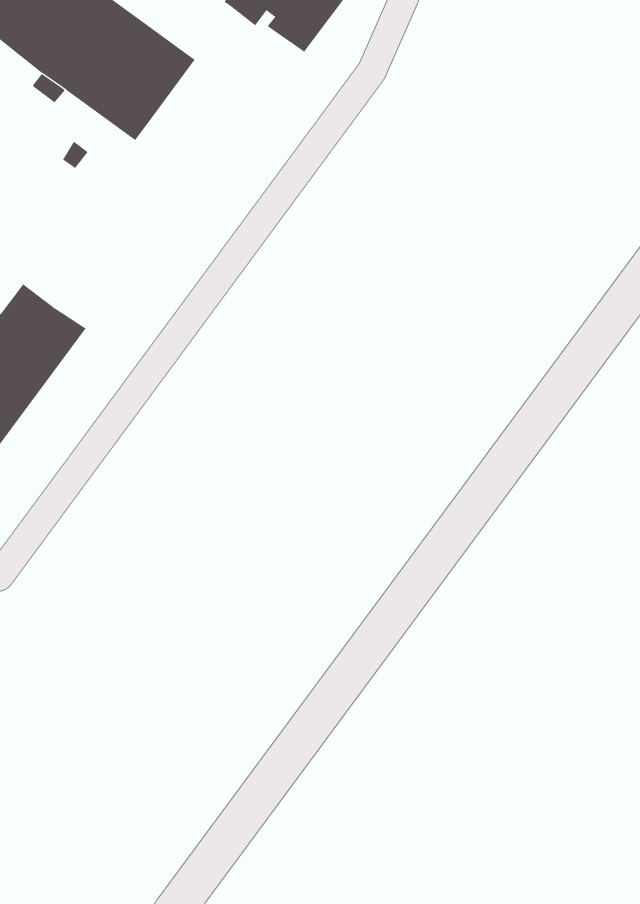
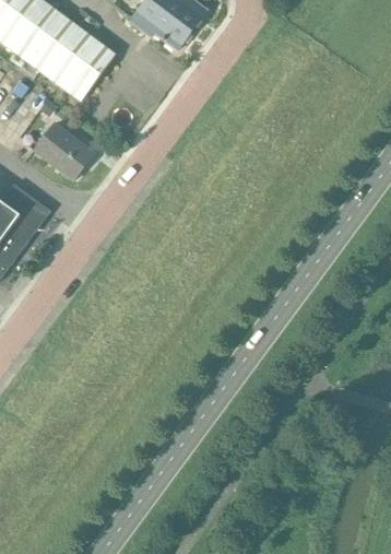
building: none -> [35,122,91,179]

